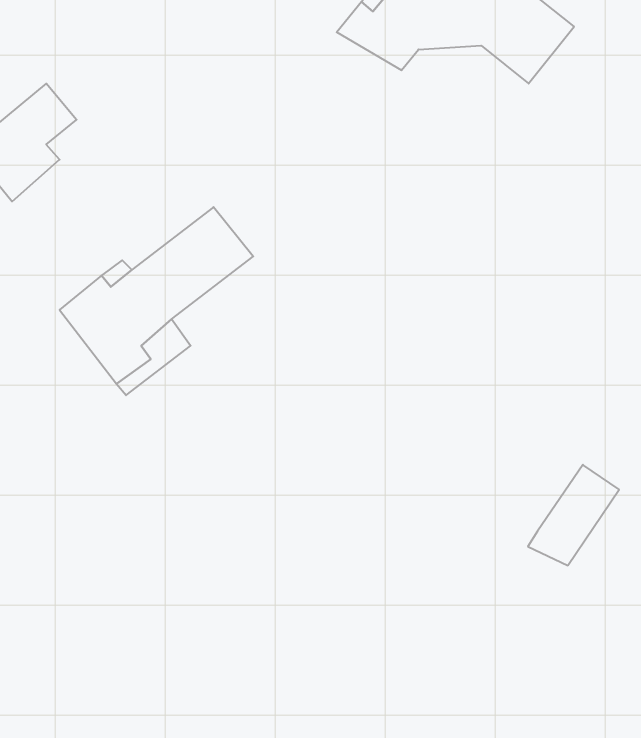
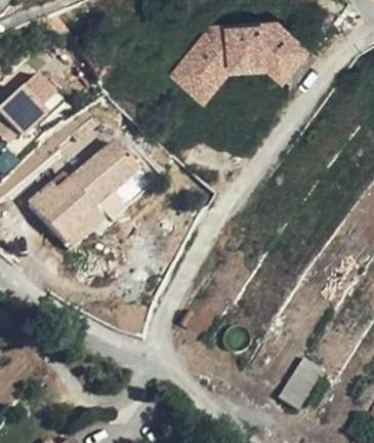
building: none -> [169,54,218,98]
building: [528,465,619,565] -> [277,352,326,406]

